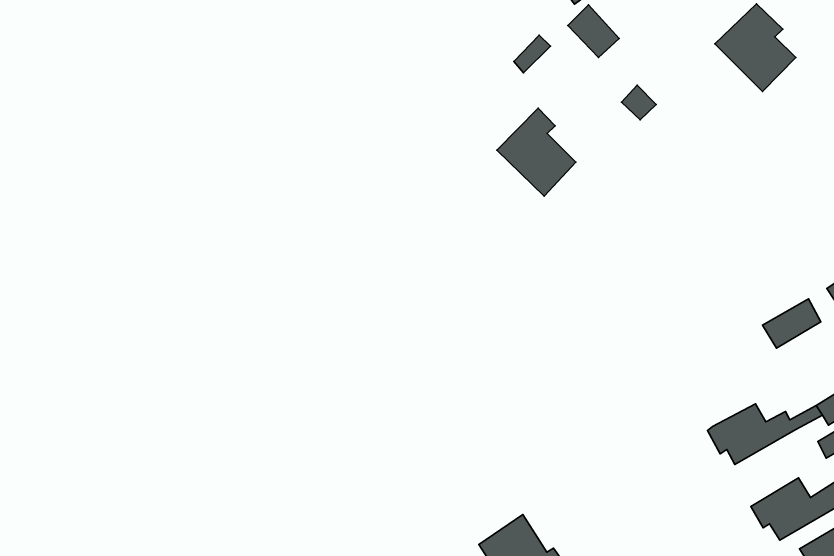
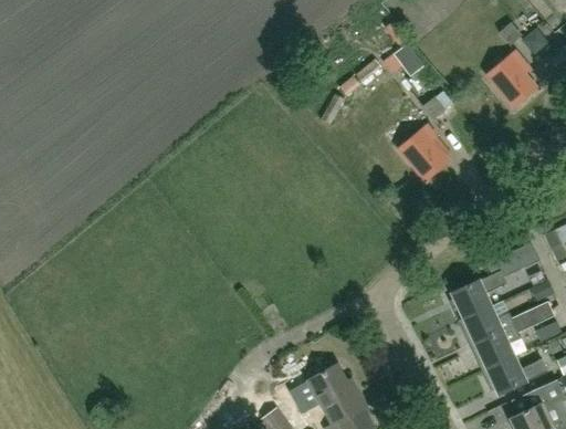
building: [497,108,576,196] -> [398,123,448,179]
building: none -> [452,271,509,318]
building: none -> [475,325,522,372]

